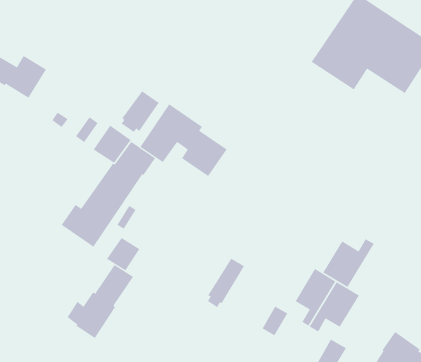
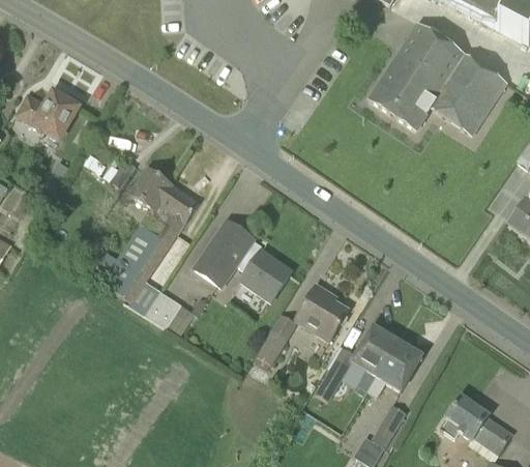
building: [121,90,159,133] -> none
building: [140,103,227,177] -> [196,221,292,301]
building: none -> [296,285,349,340]
building: [322,238,374,288] -> none
building: [67,264,134,339] -> none

